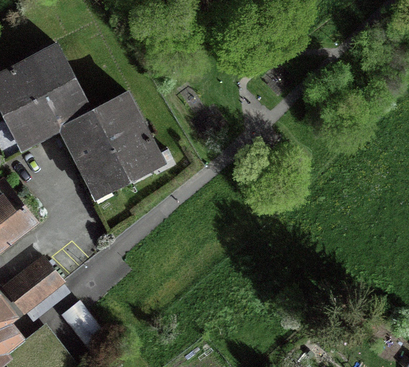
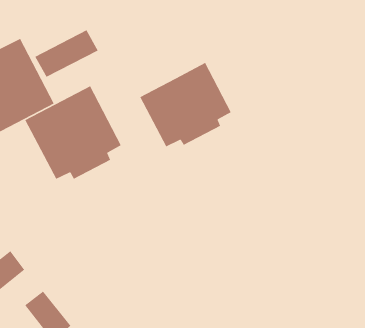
building: none -> [34,29,99,78]
building: none -> [139,62,232,147]

